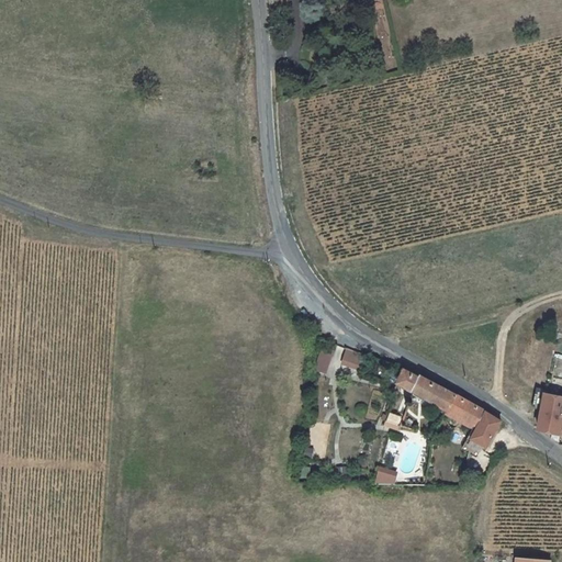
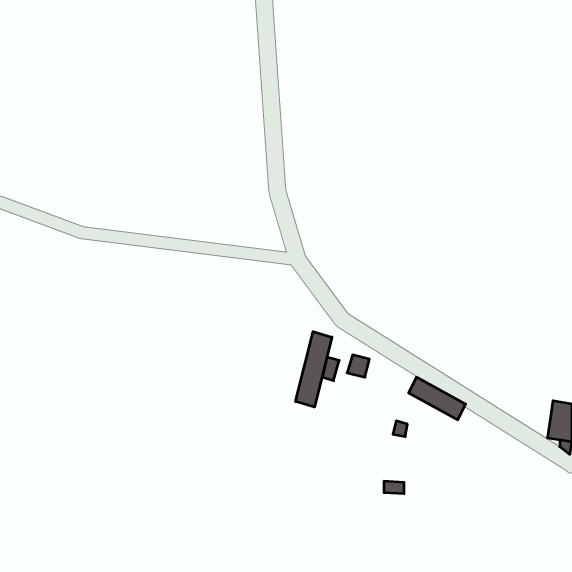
building: none -> [296,332,332,407]
building: [449,396,503,448] -> none

